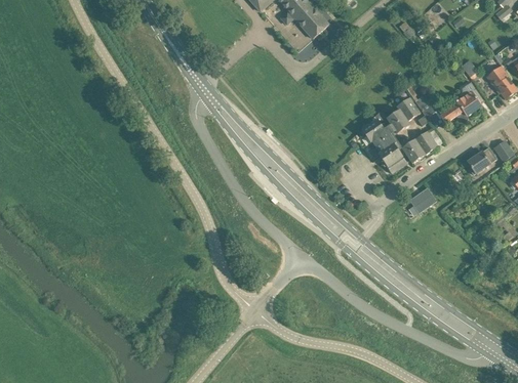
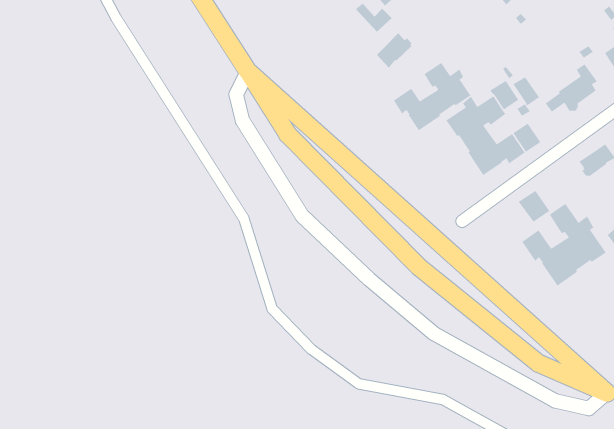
building: none -> [376,32,413,68]
building: none -> [393,61,471,131]
building: none -> [522,203,607,287]

